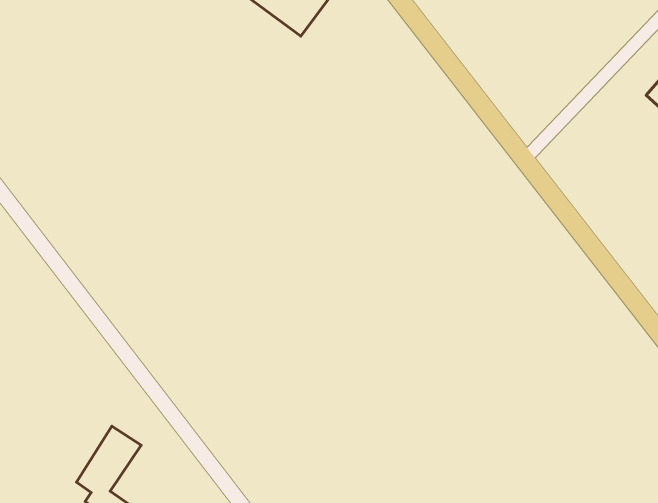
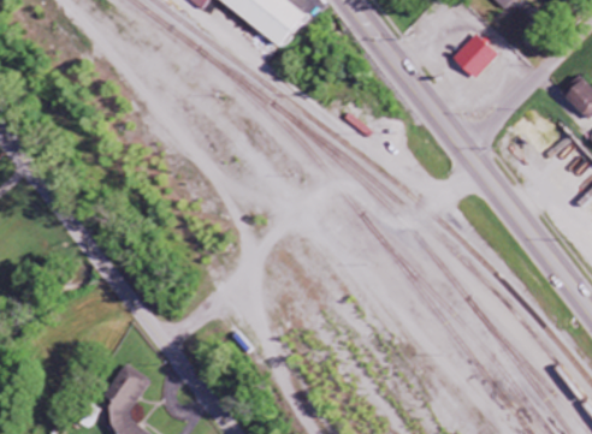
building: none -> [452,31,498,77]

